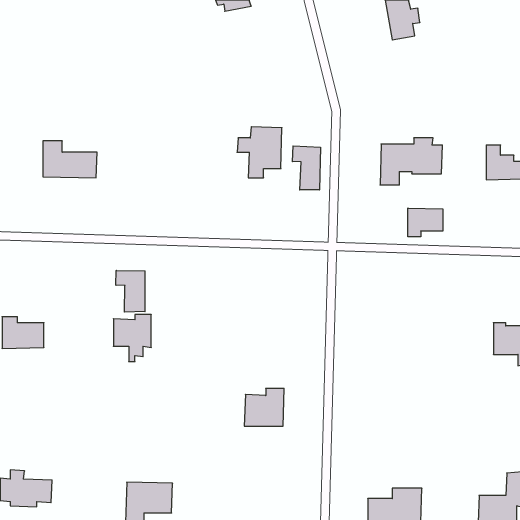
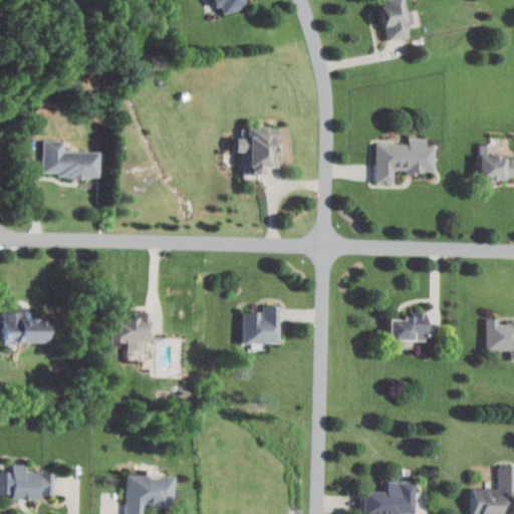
building: [292,146,320,190] -> none
building: [408,208,443,237] -> none
building: [116,270,145,312] -> none
building: none -> [390,313,427,340]
building: [244,388,284,426] -> [242,306,281,343]

